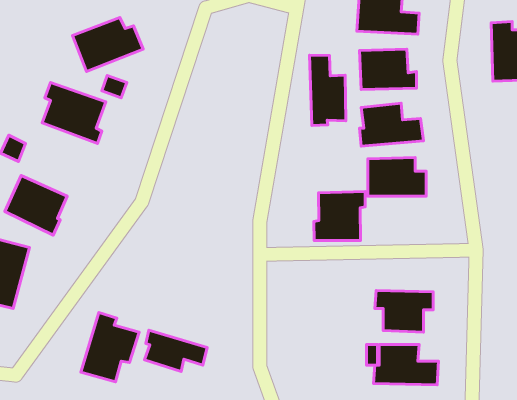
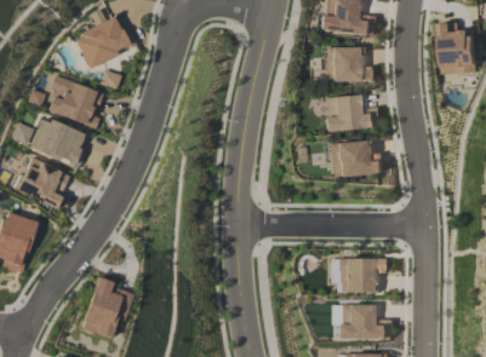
building: [310,55,346,126] -> none
building: none -> [30,119,85,167]
building: [314,191,365,241] -> none
building: [145,330,207,372] -> none

